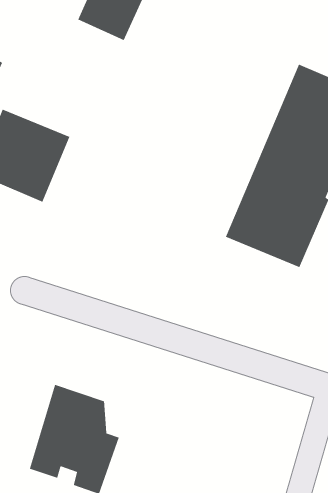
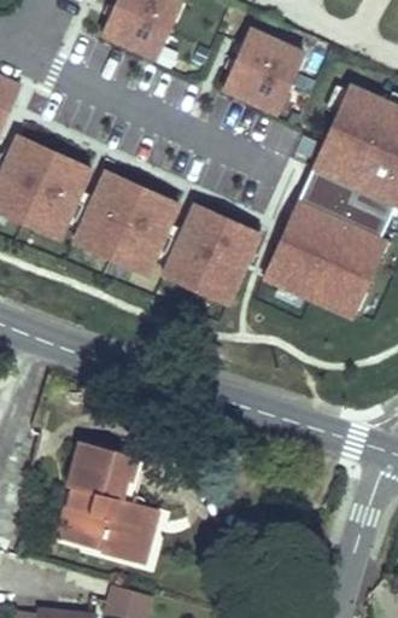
building: none -> [223,25,305,113]
building: none -> [75,173,178,275]
building: none -> [163,204,263,305]

